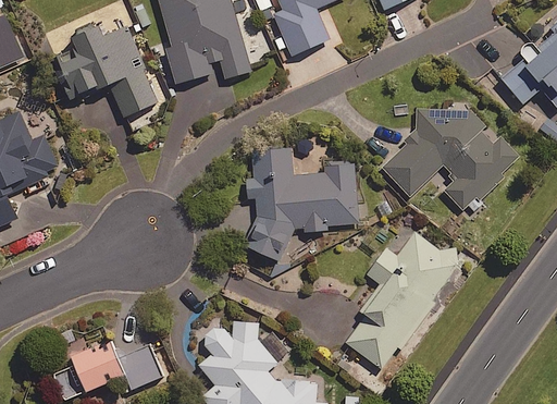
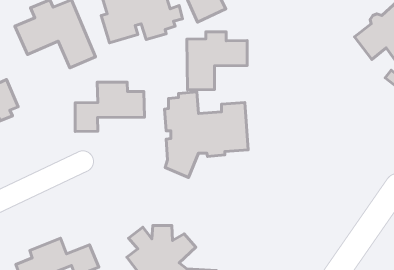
building: none -> [187,32,247,90]
building: [379,106,520,213] -> none
building: none -> [75,82,144,132]
building: [347,232,458,368] -> none

